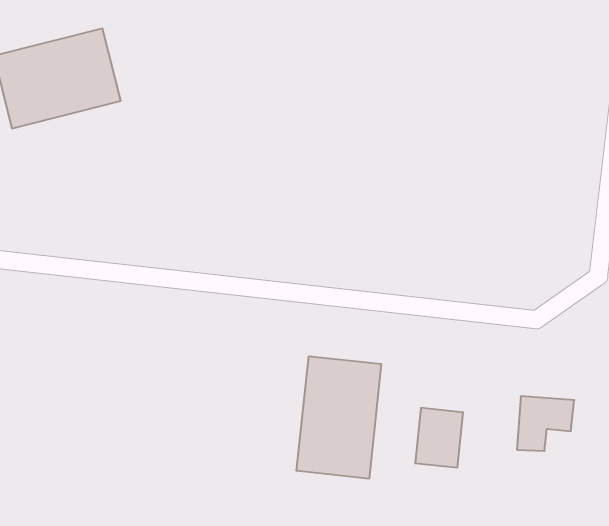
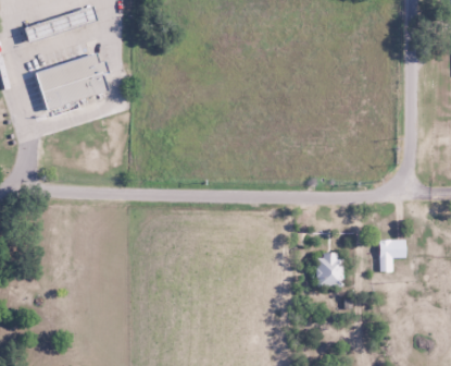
building: [297,356,381,479] -> none

